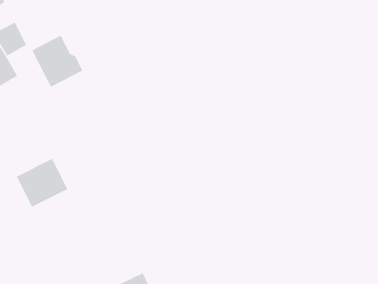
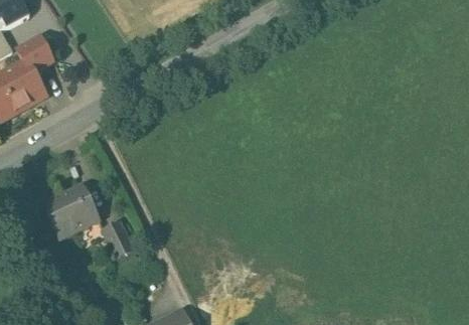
building: [32,35,83,88] -> none
building: none -> [102,221,132,258]

